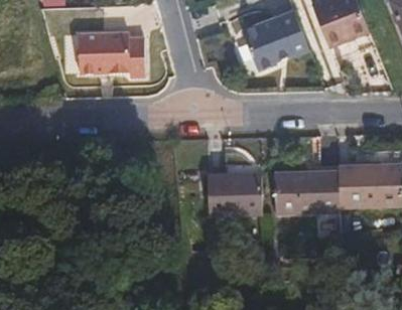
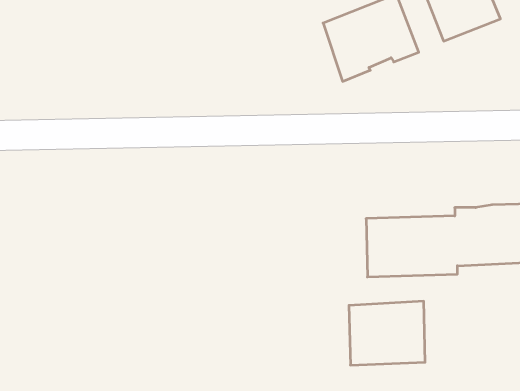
building: [79,30,131,71] -> none
building: [205,173,260,219] -> [349,301,425,365]

